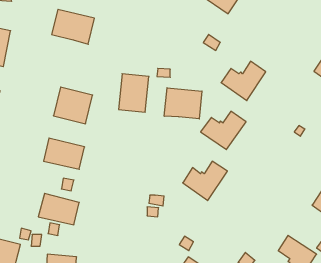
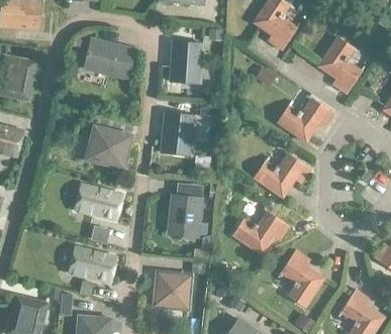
building: none -> [317,37,361,88]
building: none -> [170,41,203,84]
building: [164,88,202,119] -> none
building: none -> [169,195,203,237]
building: none -> [281,255,325,306]
building: none -> [155,272,191,309]

